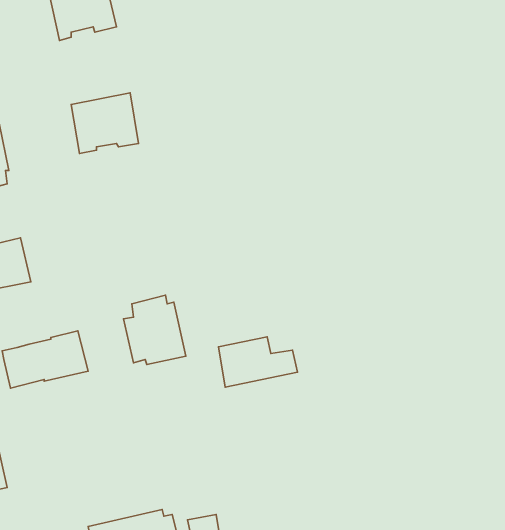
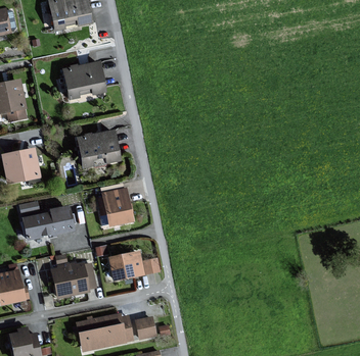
building: none -> [78,130,120,166]
building: [218,337,298,387] -> [109,251,158,282]
building: none -> [51,262,94,297]

